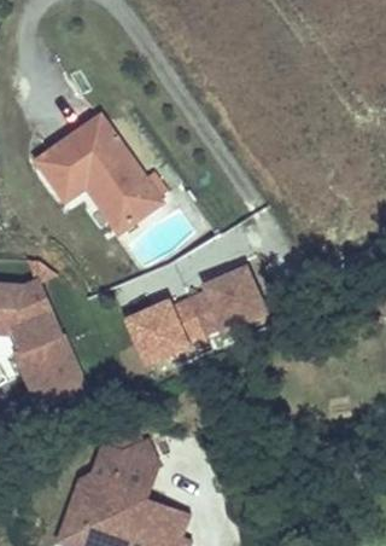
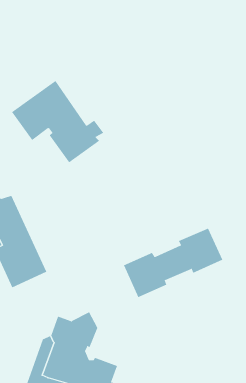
building: [128,266,268,364] -> [123,228,223,298]

